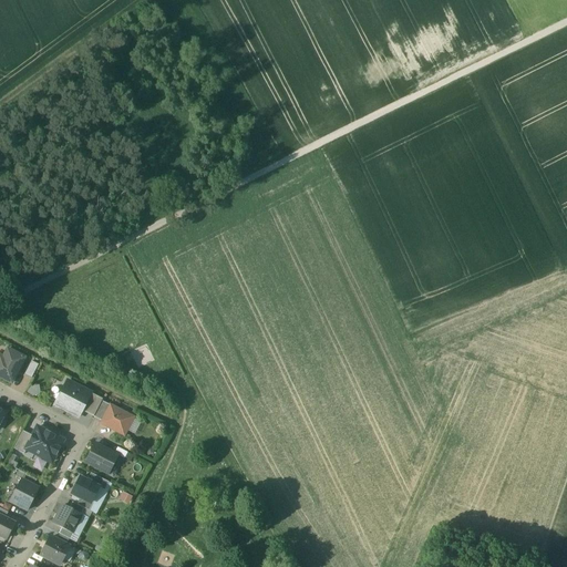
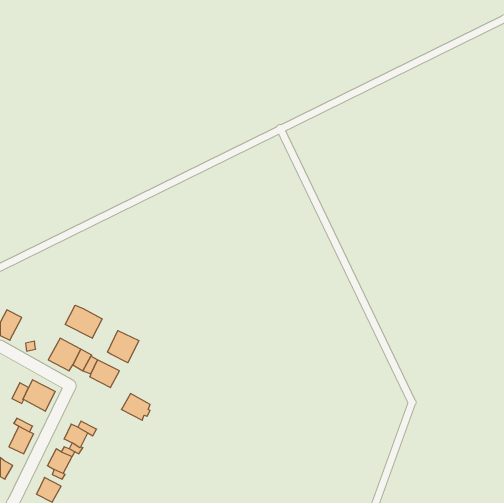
building: none -> [65,305,102,338]
building: none -> [108,331,139,363]
building: [85,443,117,473] -> [121,394,150,420]

